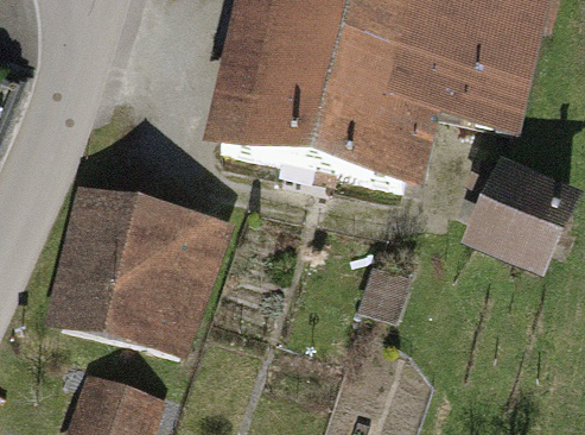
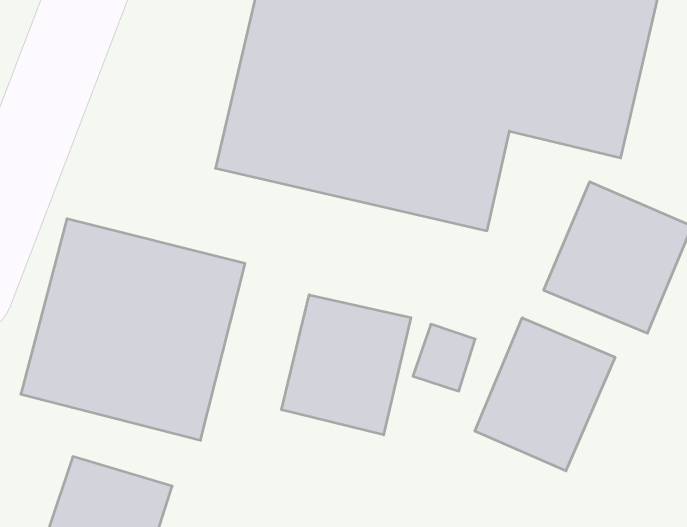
building: none -> [282,295,411,435]
building: none -> [475,318,615,471]

